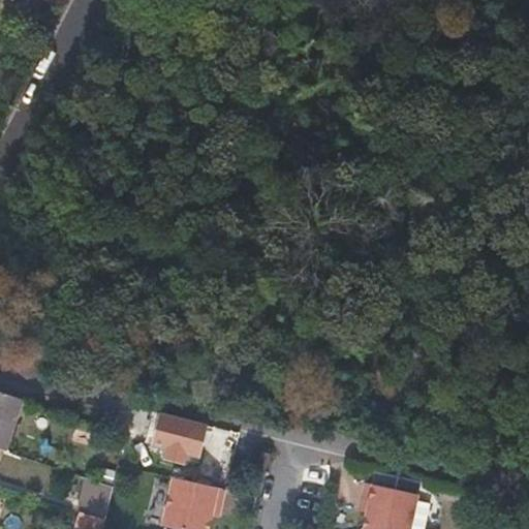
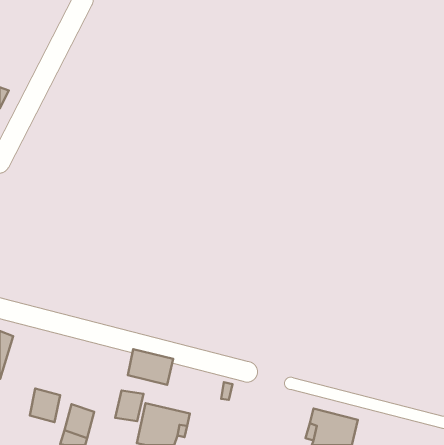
building: none -> [30,389,60,422]
building: none -> [115,390,144,421]

